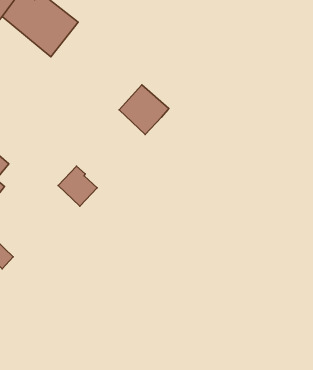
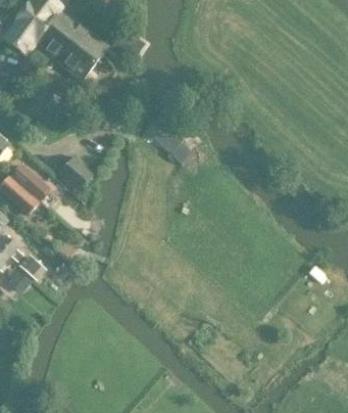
building: [58,166,97,206] -> [57,155,94,193]

